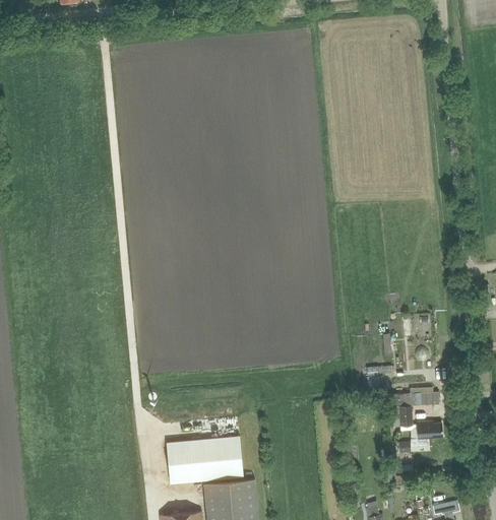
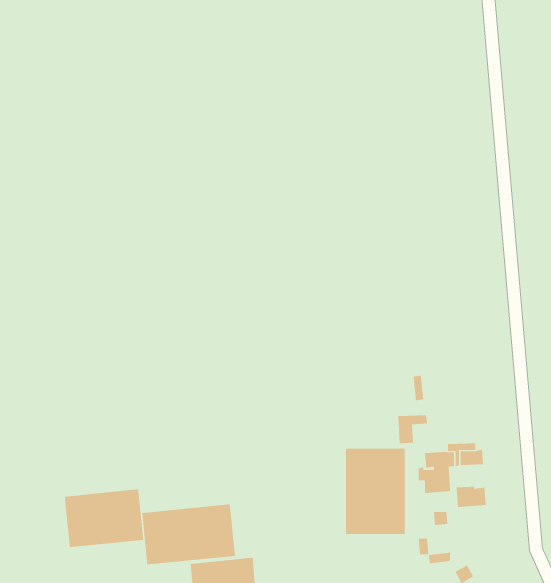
building: none -> [346,448,405,535]
building: none -> [64,489,144,548]

